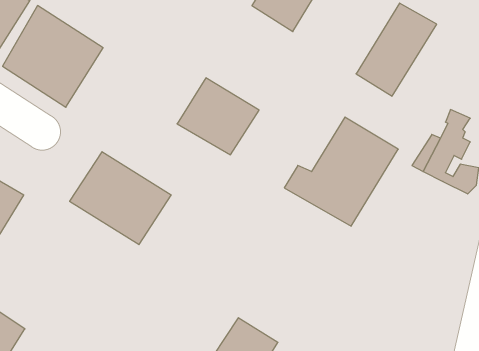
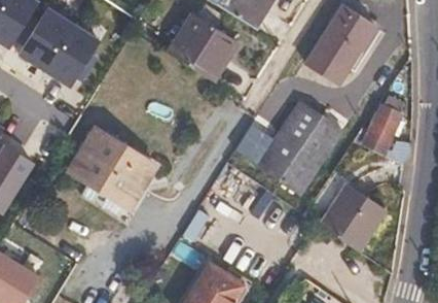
building: [177,78,259,155] -> [171,13,239,77]
building: none -> [322,182,386,249]

